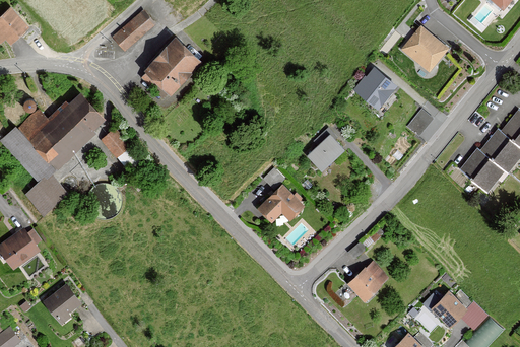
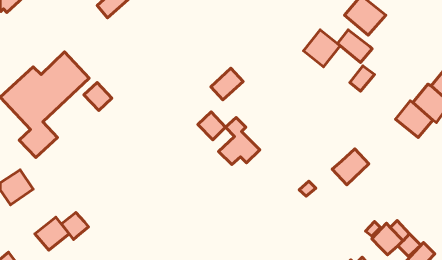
building: [142,39,197,94] -> none
building: none -> [338,30,372,63]
building: [305,134,342,170] -> [211,68,243,100]
building: none -> [198,112,226,140]
building: [345,261,388,302] -> [332,149,369,185]
building: none -> [62,213,89,240]

